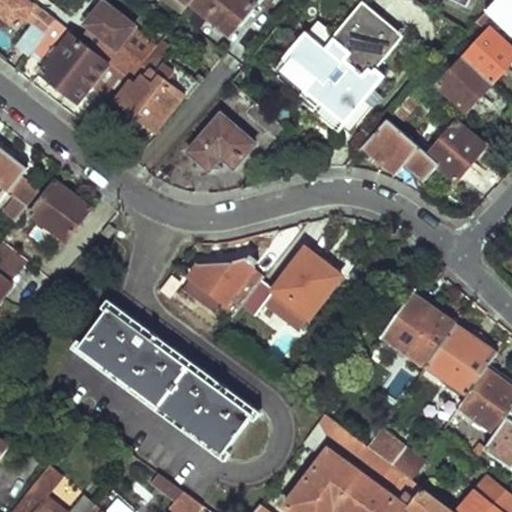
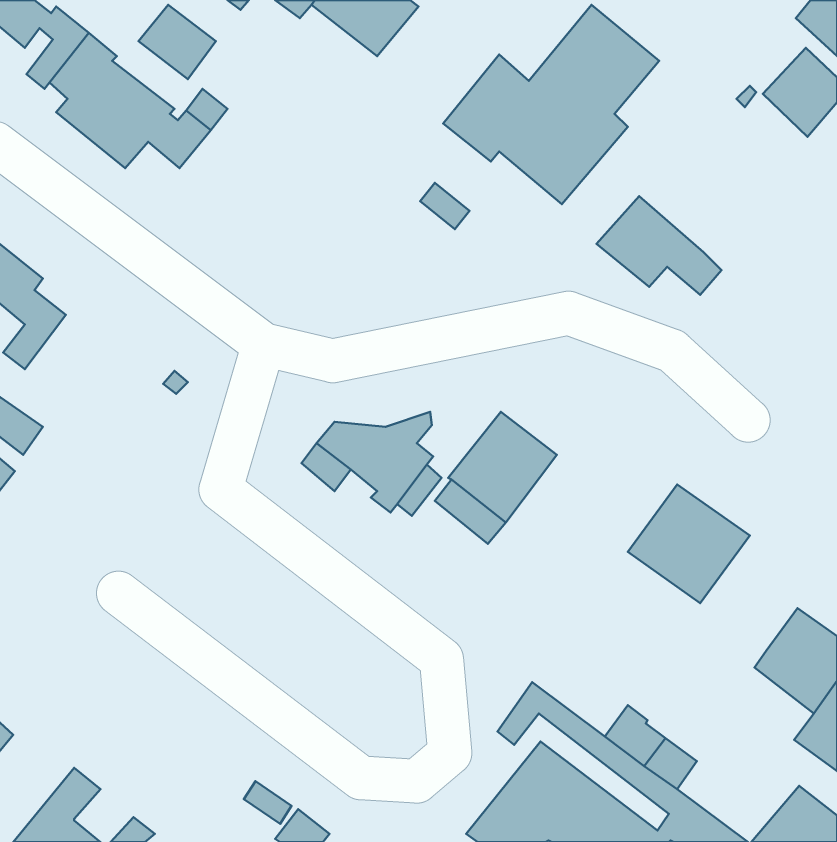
building: [114,44,190,131] -> none
building: [437,57,490,110] -> none
building: [186,114,253,170] -> none
building: [427,121,483,179] -> none
building: [29,179,93,242] -> none
building: [80,308,253,453] -> none
building: [425,325,495,395] -> none

